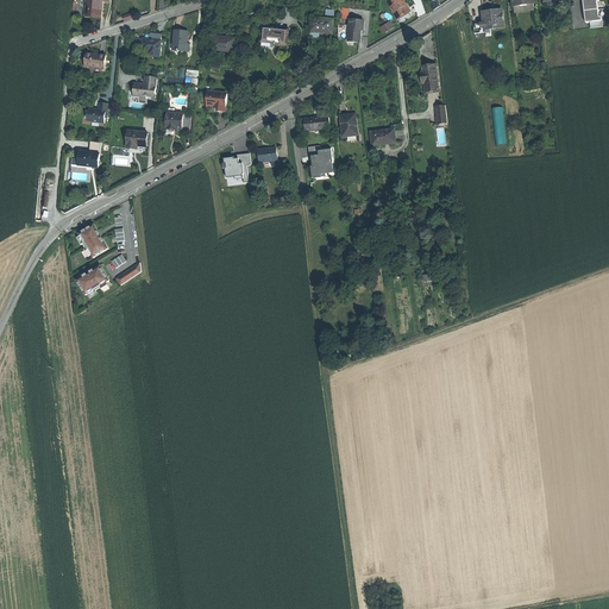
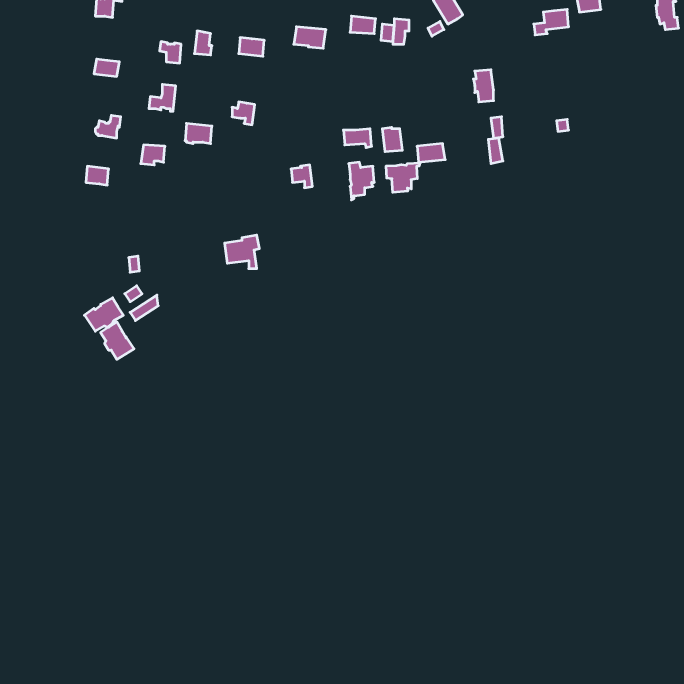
building: none -> [386,163,420,192]
building: [221,151,252,181] -> [225,235,259,269]
building: [79,224,108,257] -> [101,322,134,359]

